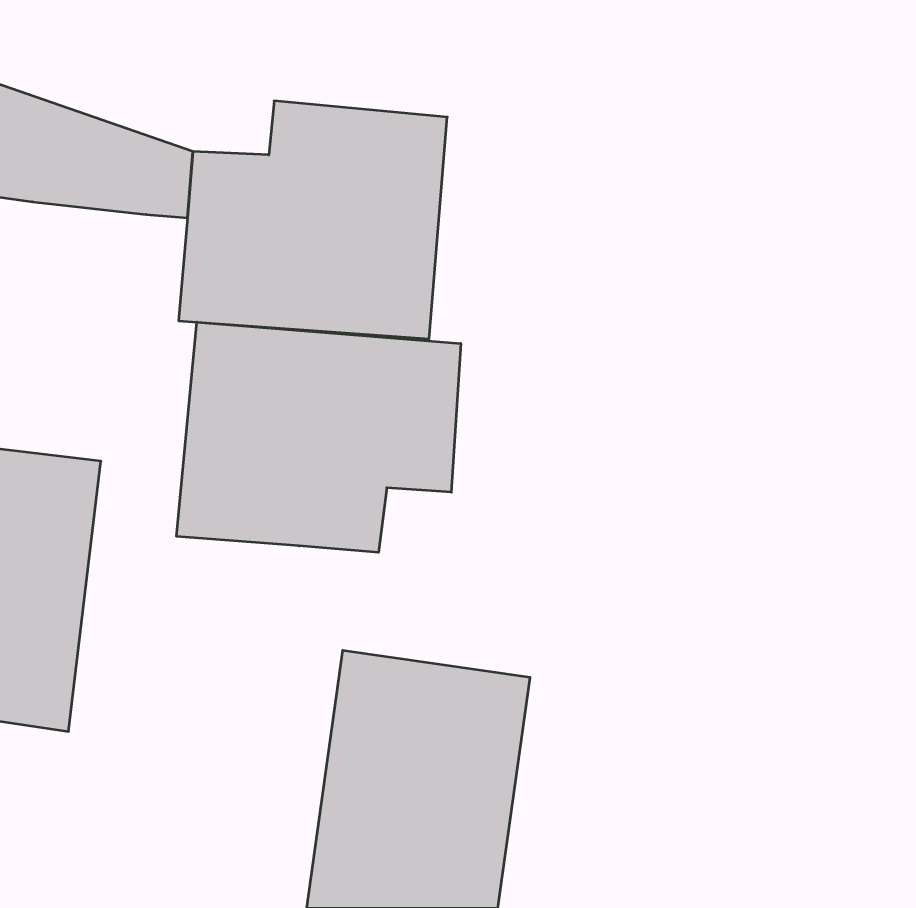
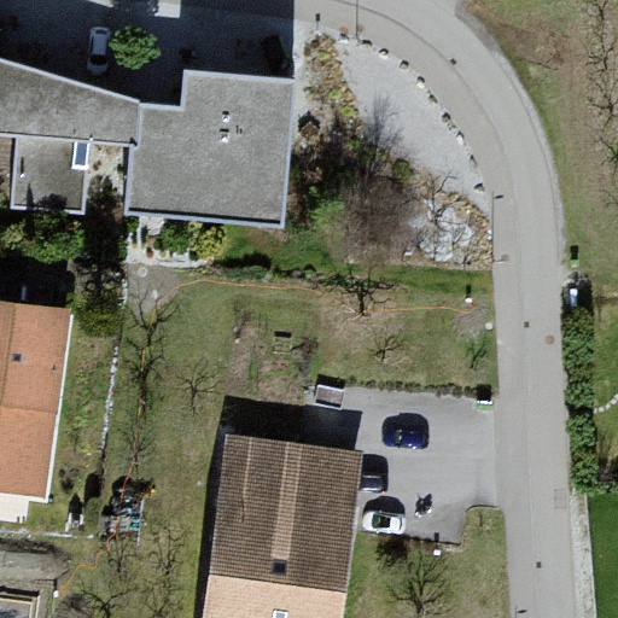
building: none -> [14,135,98,209]
building: [177,322,461,552] -> none

